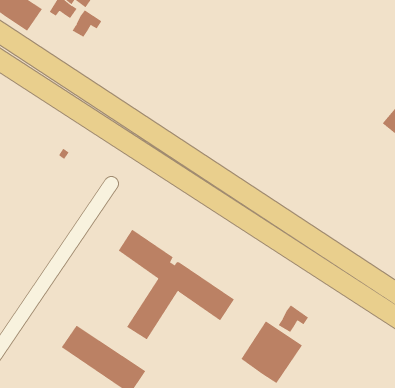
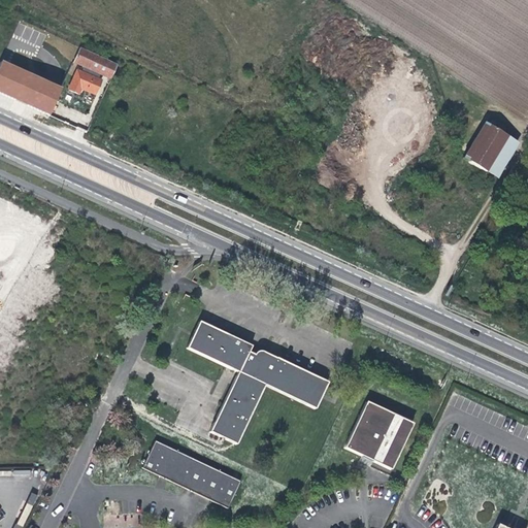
building: [72,9,102,38] -> none
building: [278,305,309,333] -> none

